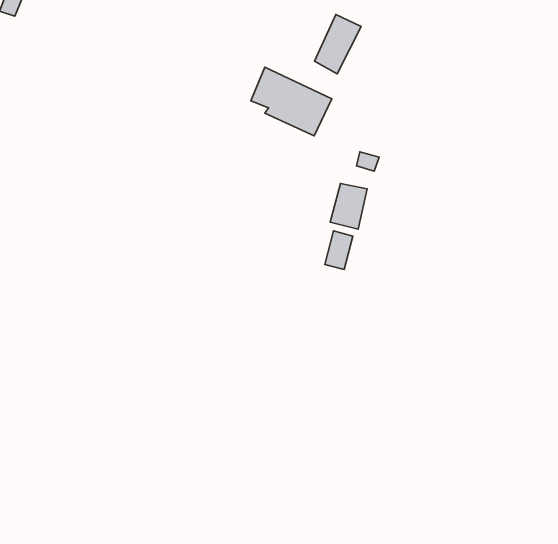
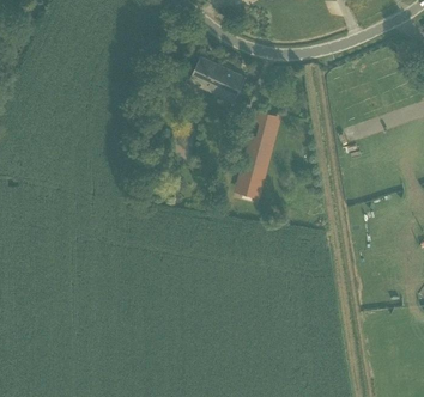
building: [314,14,361,74] -> none

